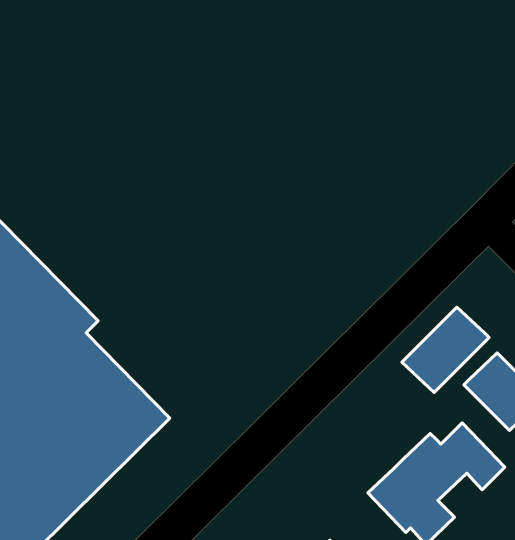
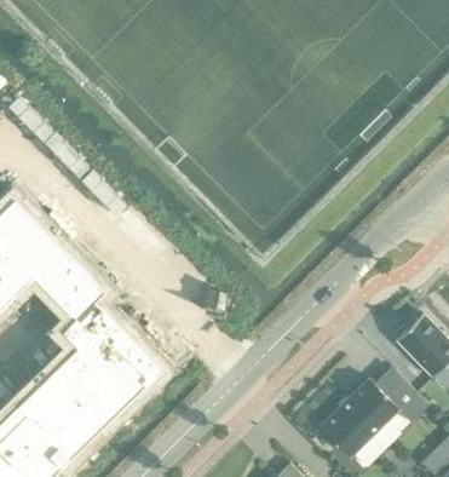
building: [402,307,489,393] -> none

